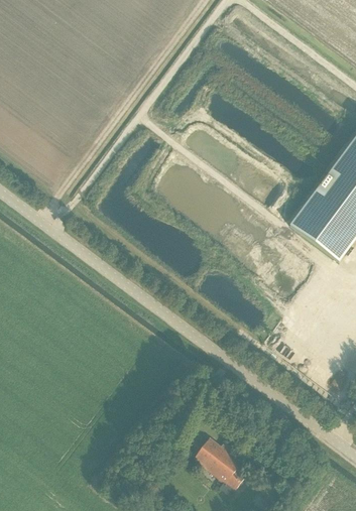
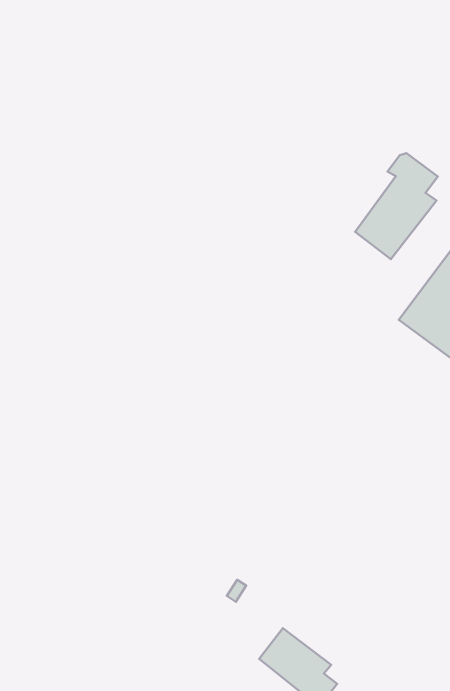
building: none -> [355,153,438,259]

